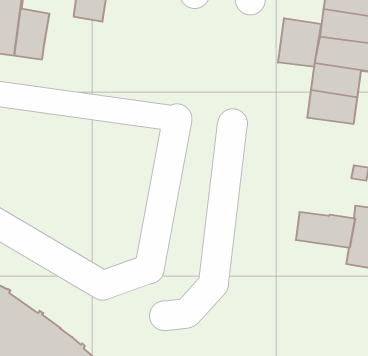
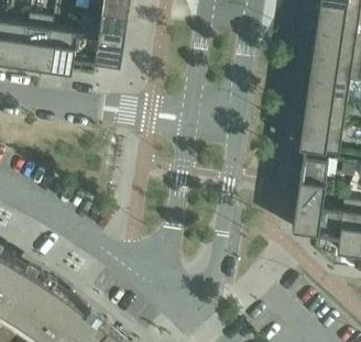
building: none -> [73,32,123,64]
building: [278,18,321,67] -> none
building: none -> [298,122,342,152]
building: none -> [295,156,328,208]

